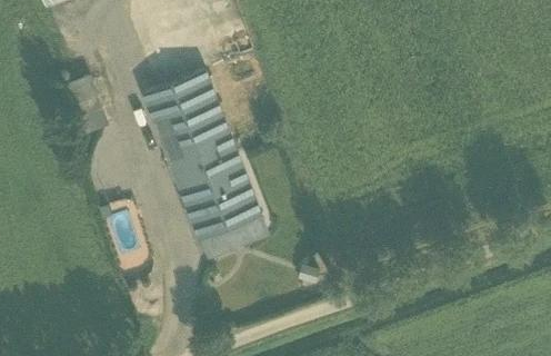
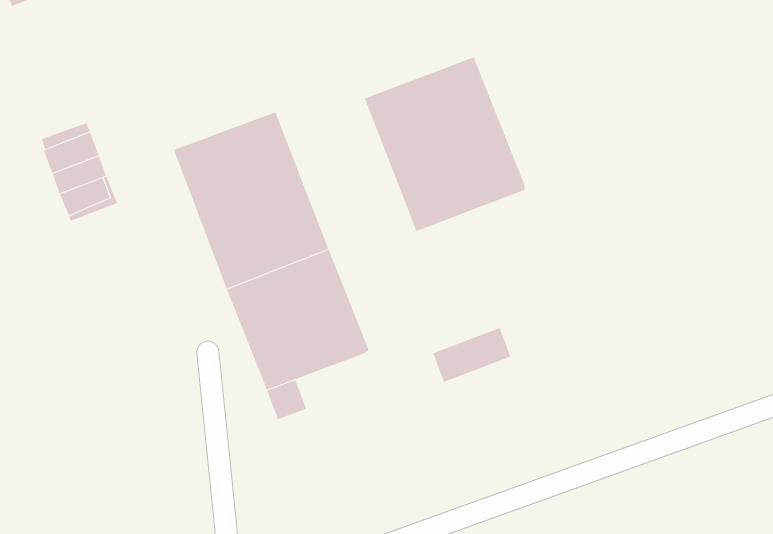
building: none -> [364,57,525,232]
building: [217,217,264,250] -> [432,327,511,382]

